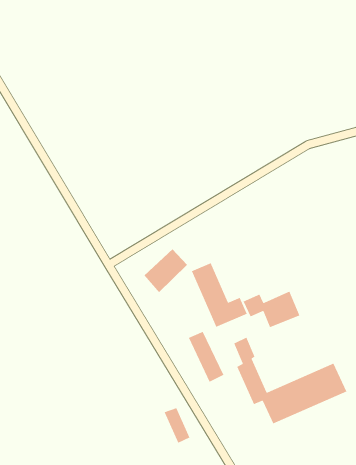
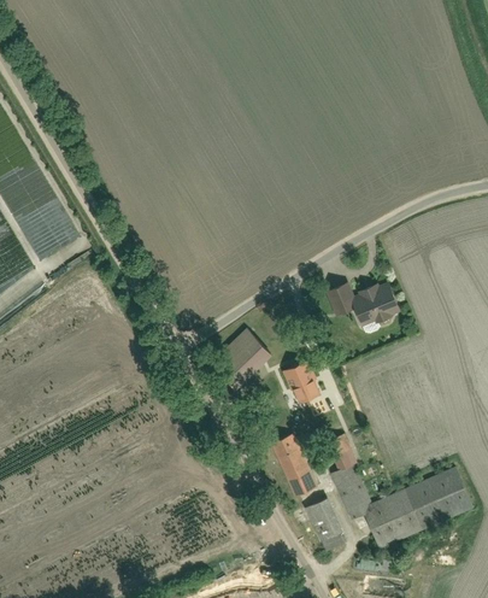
building: [242,291,301,328] -> [325,282,398,329]
building: [163,407,190,444] -> [307,502,341,547]

